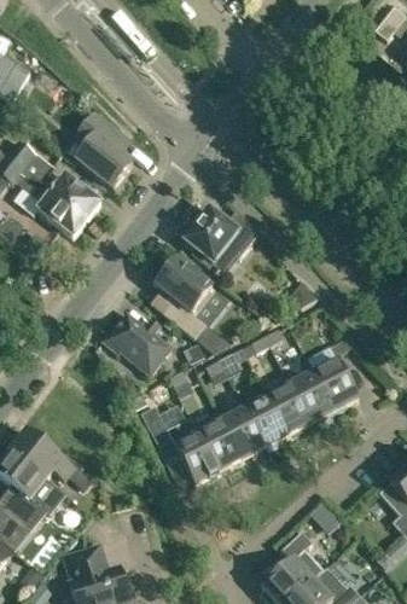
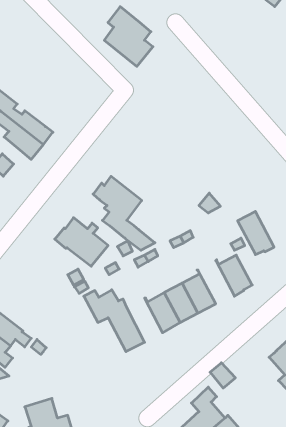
building: [70,108,133,185] -> [104,7,153,66]
building: [184,207,257,265] -> none
building: [287,366,335,422] -> [238,211,274,255]
building: [196,414,242,471] -> none

